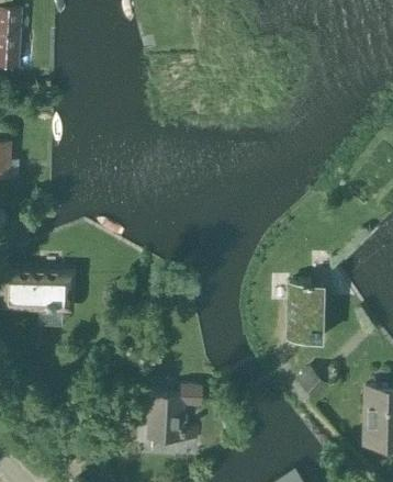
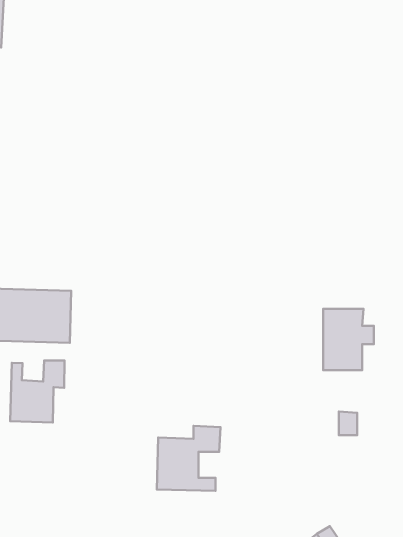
building: none -> [10,361,64,422]

